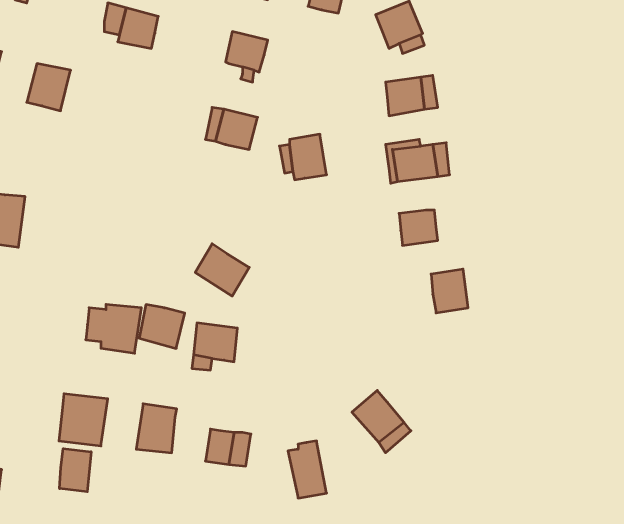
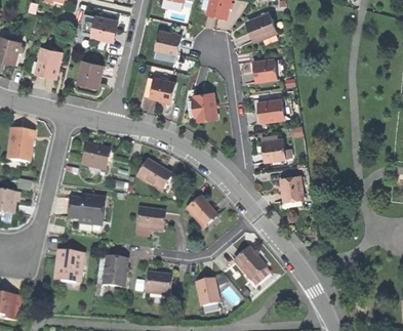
building: none -> [78,59,104,84]
building: [139,305,185,348] -> [82,143,110,170]
building: none -> [187,197,215,226]
building: [60,449,91,492] -> none

